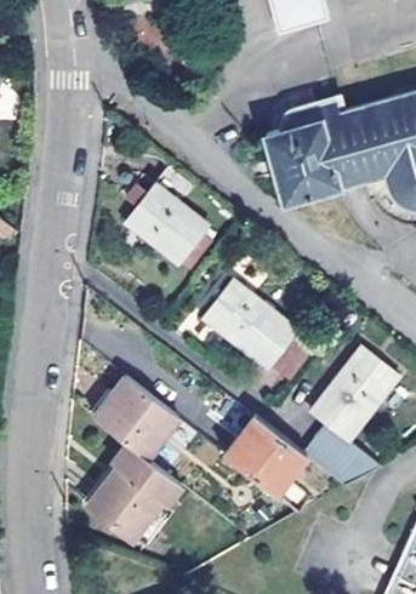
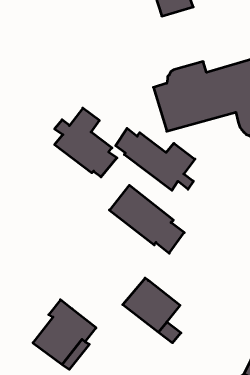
building: none -> [116,128,195,190]
building: [310,347,399,479] -> none
building: [97,382,179,462] -> none

